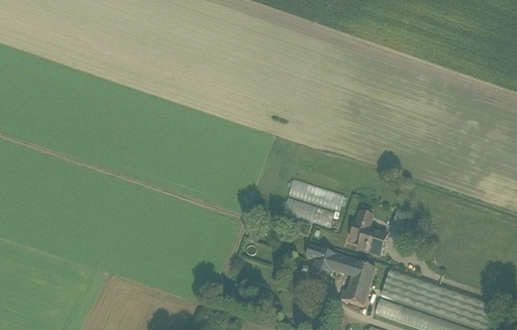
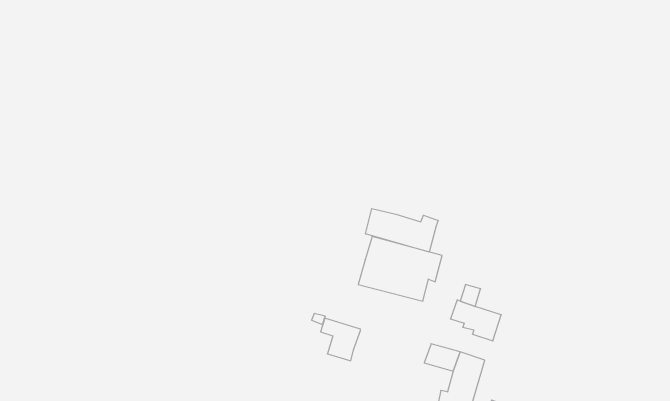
building: none -> [366,209,438,252]
building: [306,247,335,279] -> [321,318,360,361]

